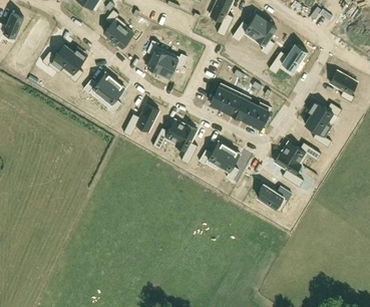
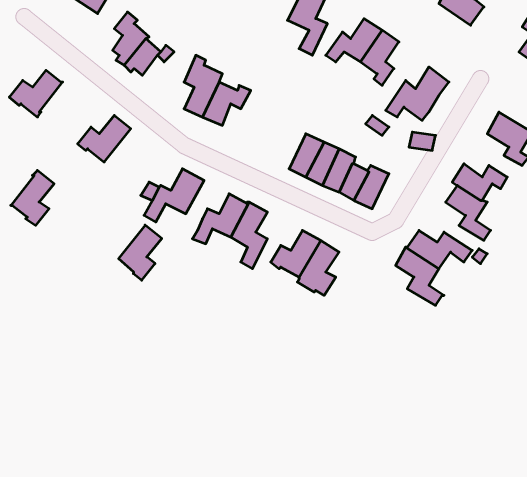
building: [59,48,85,81] -> [11,170,54,225]
building: [98,79,124,112] -> [119,225,162,280]
building: [257,183,291,211] -> none

